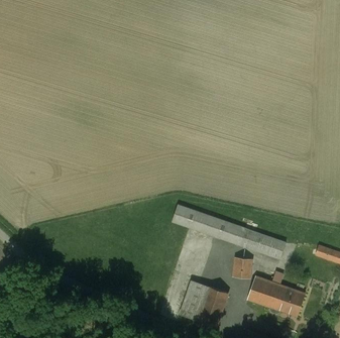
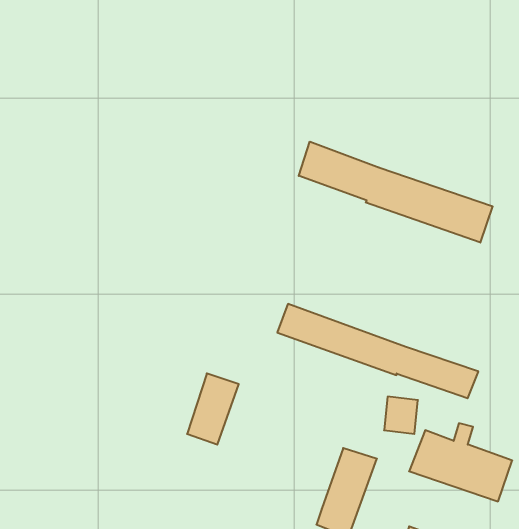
building: none -> [299,142,493,243]
building: [180,279,209,320] -> [187,373,239,445]

